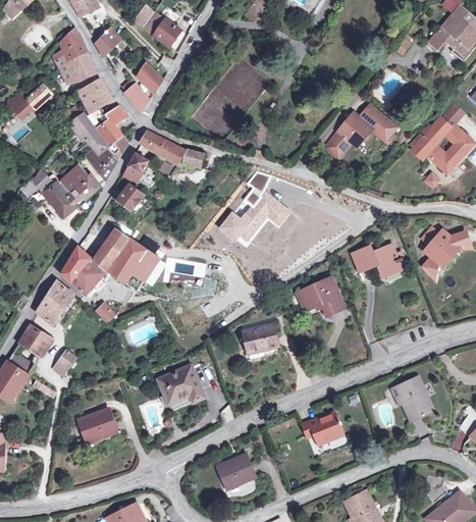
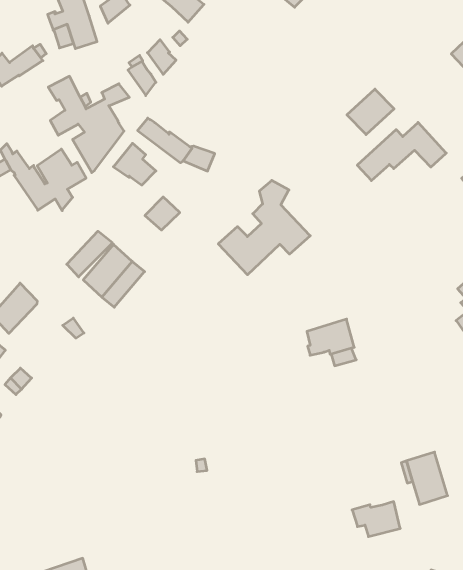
building: [77,79,111,113] -> none
building: none -> [347,89,394,135]
building: [115,184,144,211] -> [145,197,180,230]
building: [351,244,401,277] -> none
building: [61,247,104,294] -> none
building: [242,323,278,353] -> none
building: [158,366,204,403] -> none
building: [77,409,116,441] -> none
building: [301,413,342,445] -> [352,502,400,537]
building: [217,454,255,488] -> none

